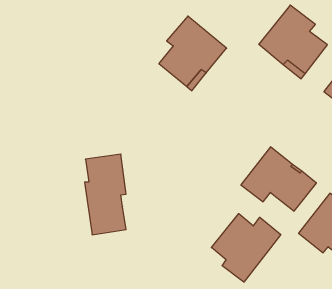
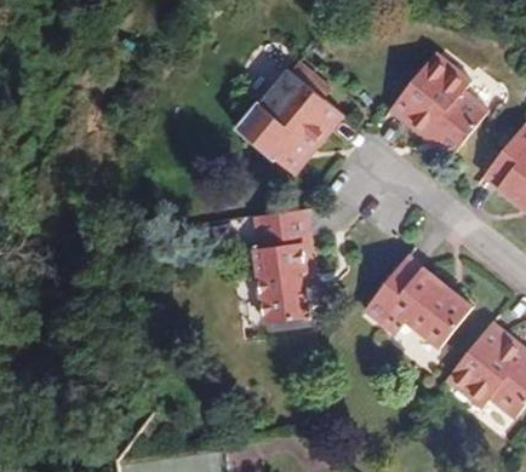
building: [85,154,126,235] -> [253,209,313,324]
building: [211,214,281,282] -> none

